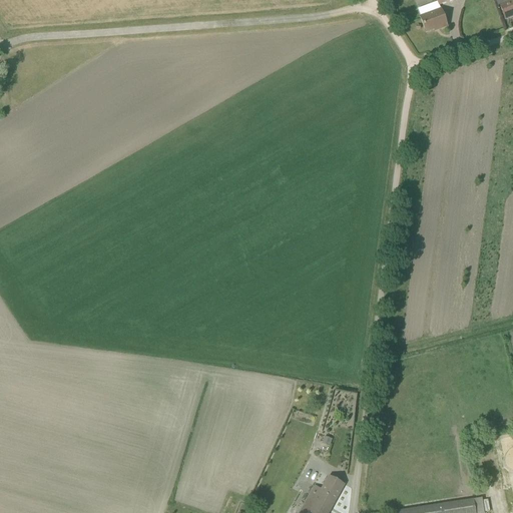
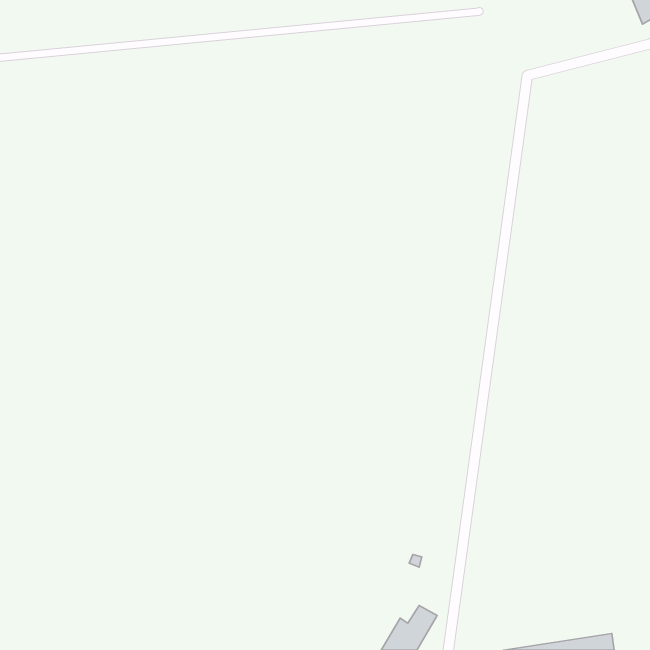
building: [421,8,448,32] -> none

